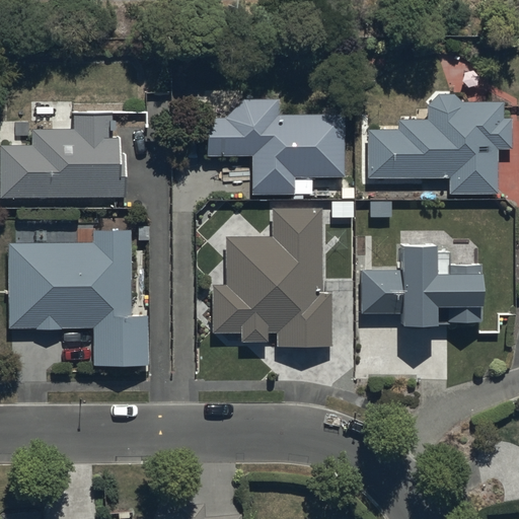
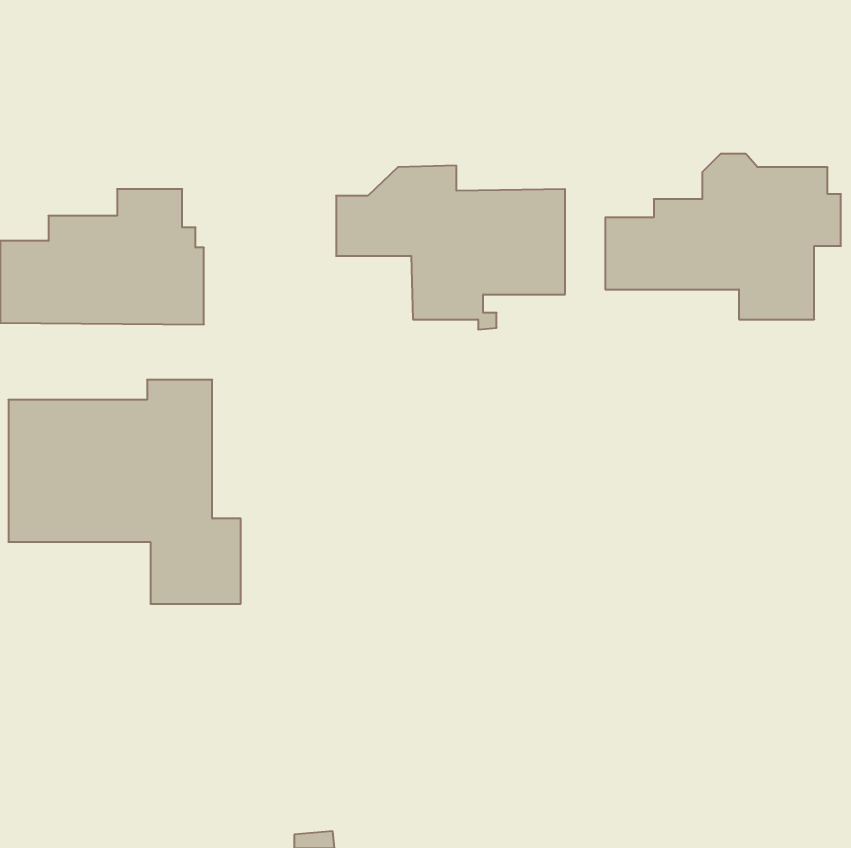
building: [213,209,333,349] -> none
building: [360,241,481,323] -> none

